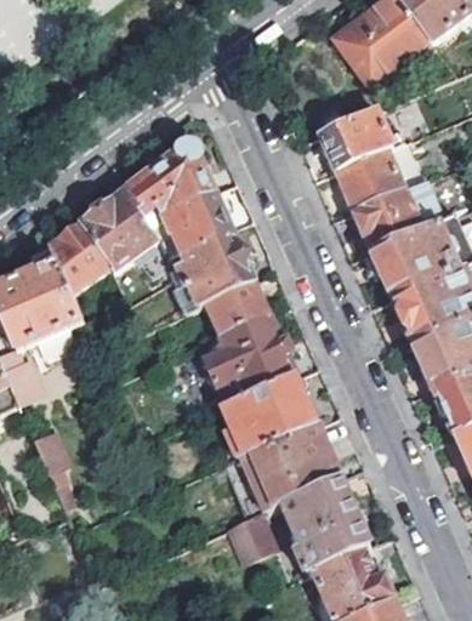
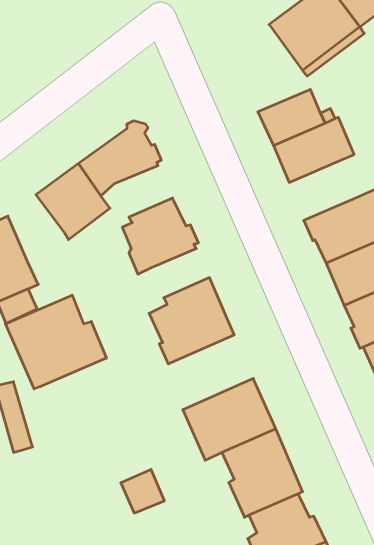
building: [352,187,421,249] -> none
building: [163,190,231,246] -> none
building: [47,222,109,294] -> none
building: [203,280,266,334] -> none
building: none -> [5,295,106,389]
building: [221,374,313,455] -> none
building: [224,511,272,558] -> [121,469,164,513]

